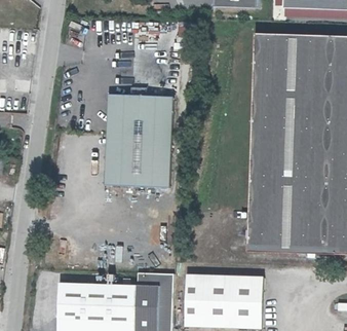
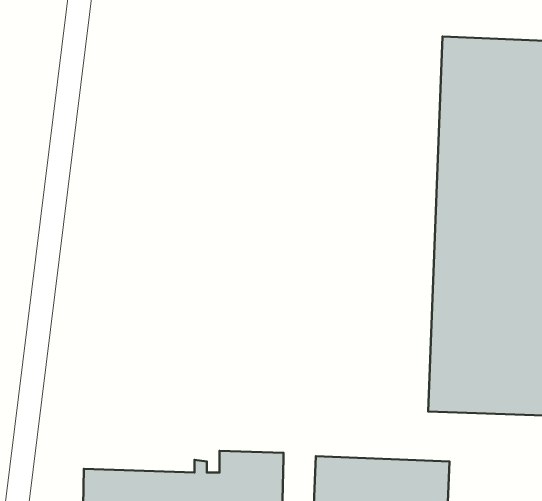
building: [99,93,167,187] -> none

